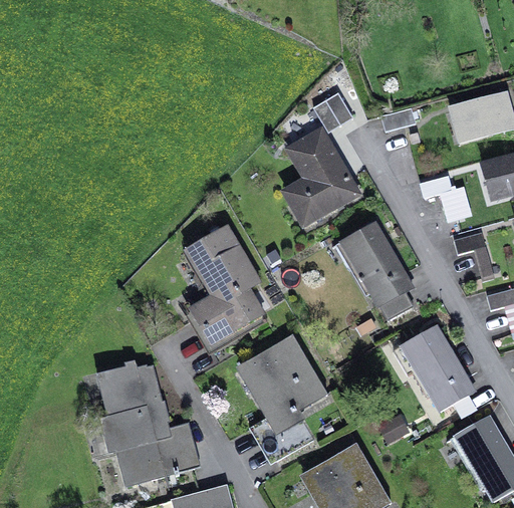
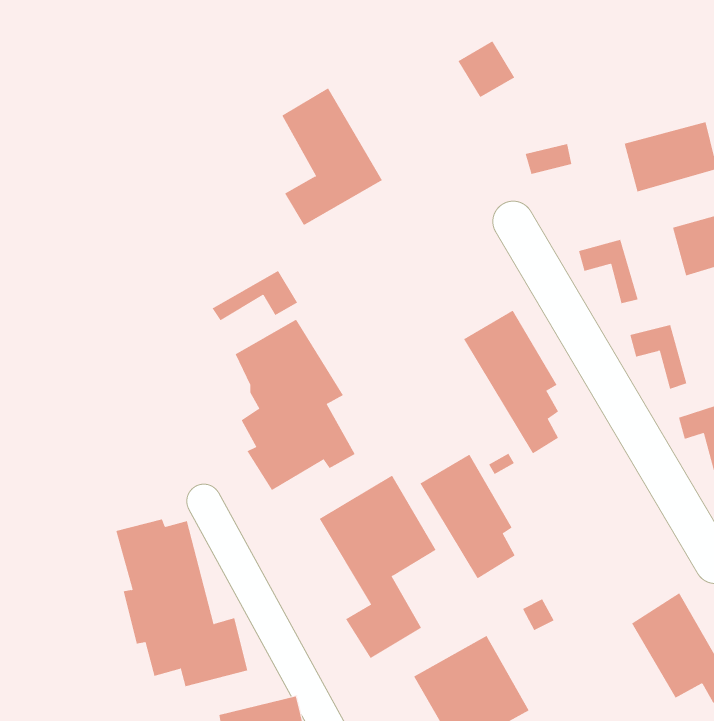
building: [312,92,351,132] -> [458,41,515,98]
building: [288,131,357,225] -> [281,88,383,226]
building: none -> [212,270,298,321]
building: [402,326,467,412] -> [420,454,515,579]

